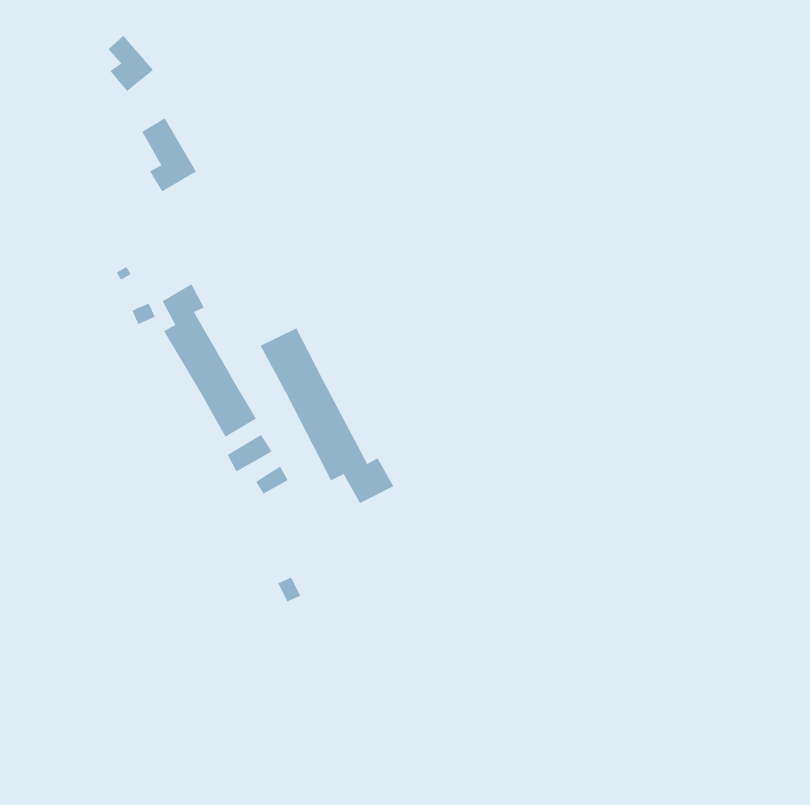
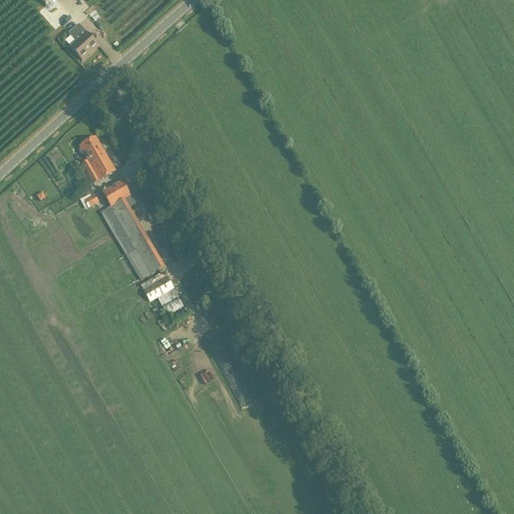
building: [141,118,197,192] -> [79,136,114,183]
building: [260,328,394,504] -> none

